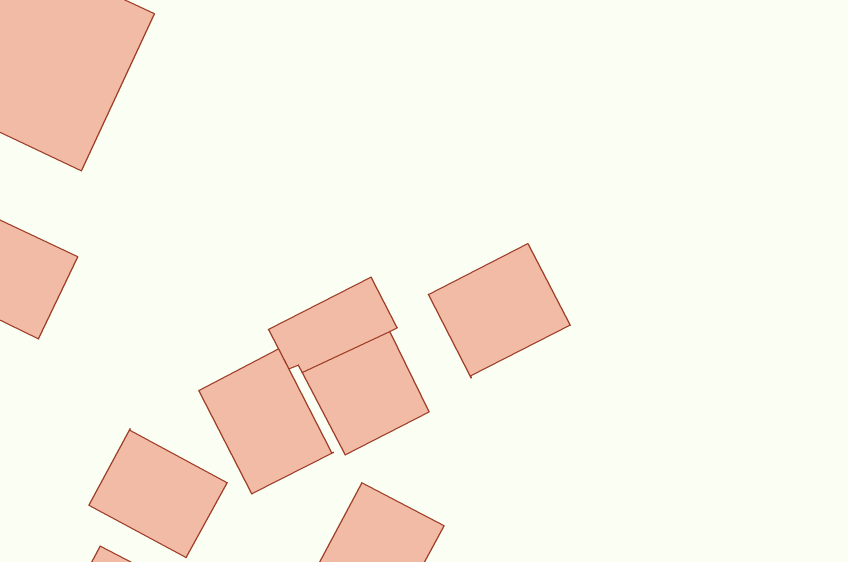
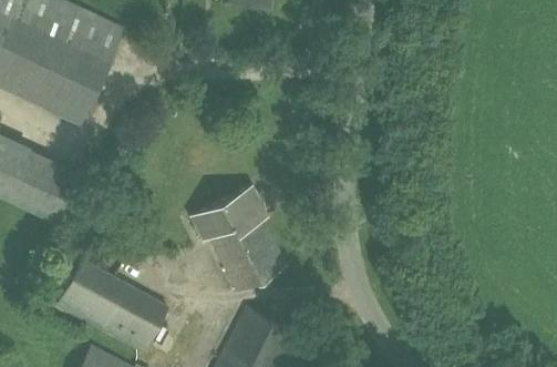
building: [428,244,570,378] -> none
building: [199,349,333,494] -> none
building: none -> [56,261,109,320]

